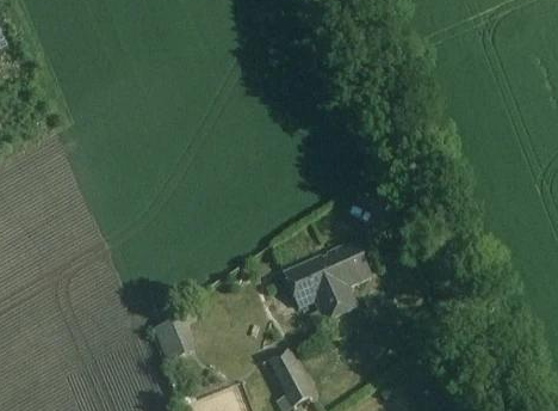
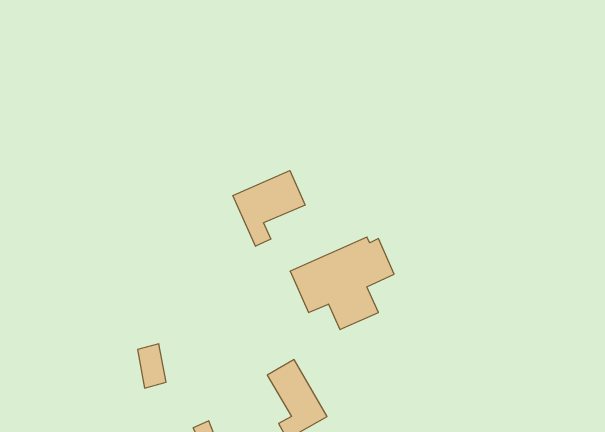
building: none -> [233,171,305,246]

